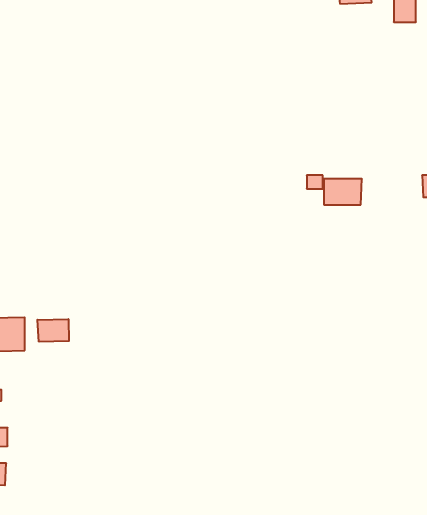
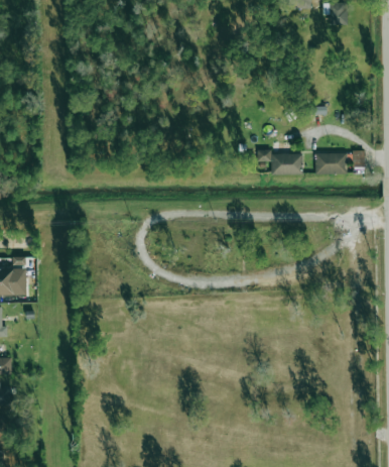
building: none -> [315,152,347,174]
building: [37,319,69,342] -> none

